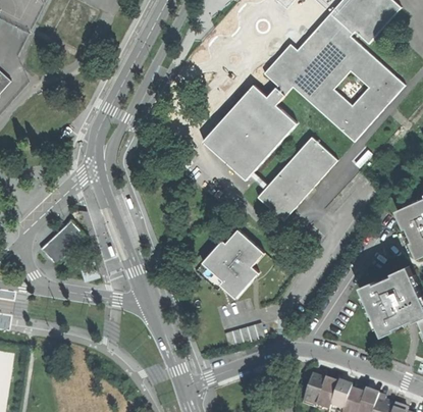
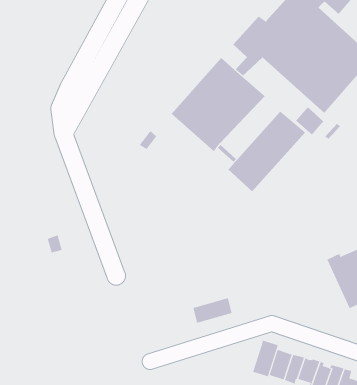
building: none -> [295,107,324,135]
building: [40,220,86,265] -> none
building: [203,230,262,297] -> none
building: none -> [252,340,278,377]

